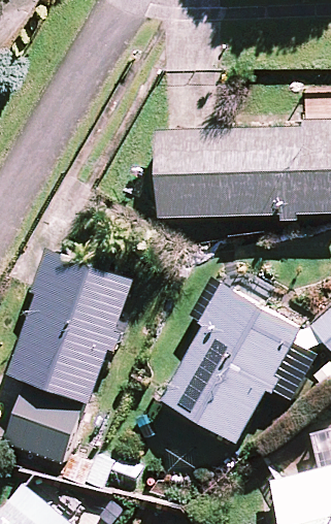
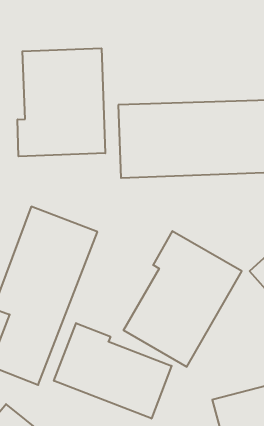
building: none -> [18,48,105,156]
building: none -> [54,323,172,419]

